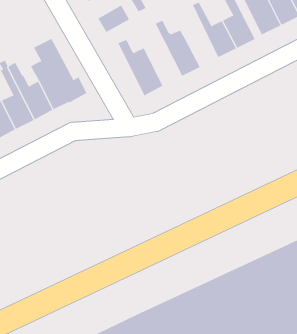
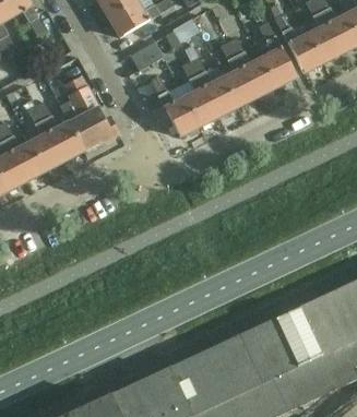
building: none -> [216,40,255,106]
building: none -> [178,52,217,126]

